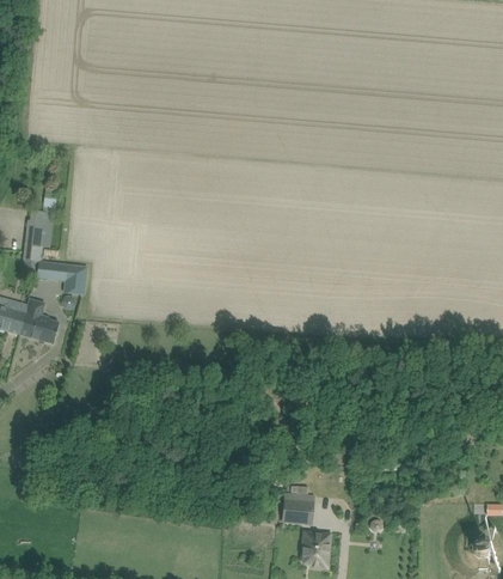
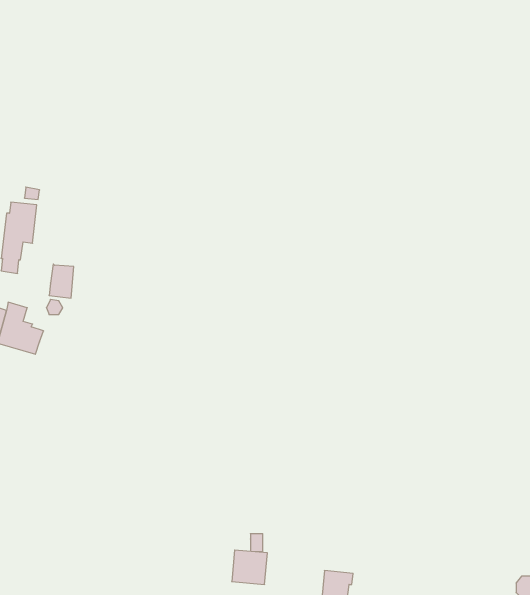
building: [36,261,68,281] -> none
building: [283,494,314,524] -> [232,550,267,584]

